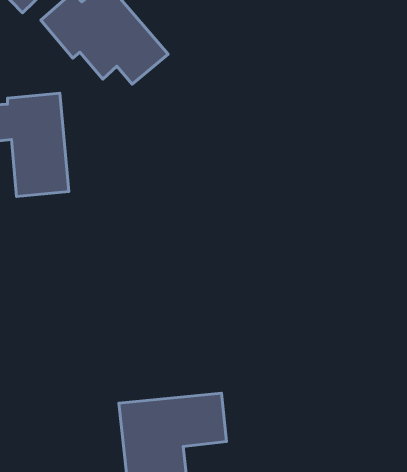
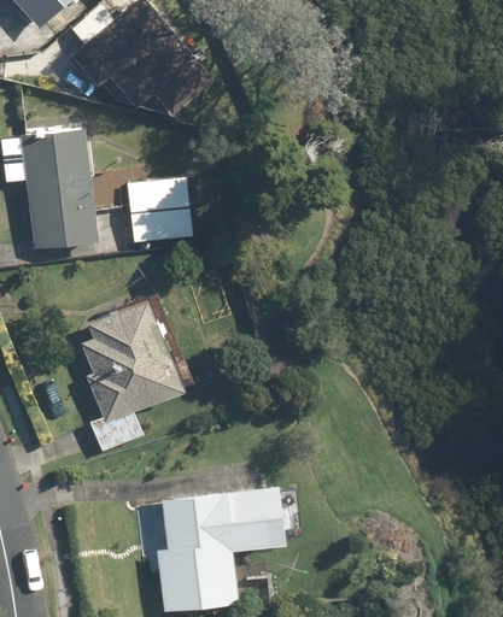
building: none -> [129,177,189,241]
building: none -> [82,301,183,452]

